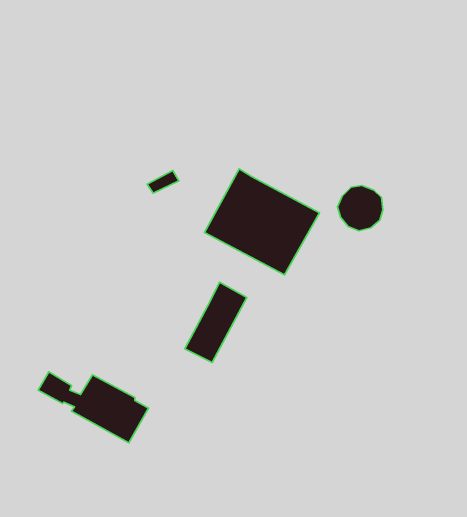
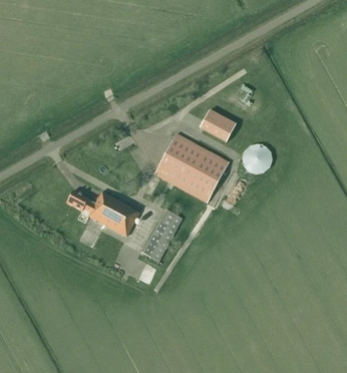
building: none -> [200,109,235,141]
building: [38,372,149,443] -> [66,190,139,237]

